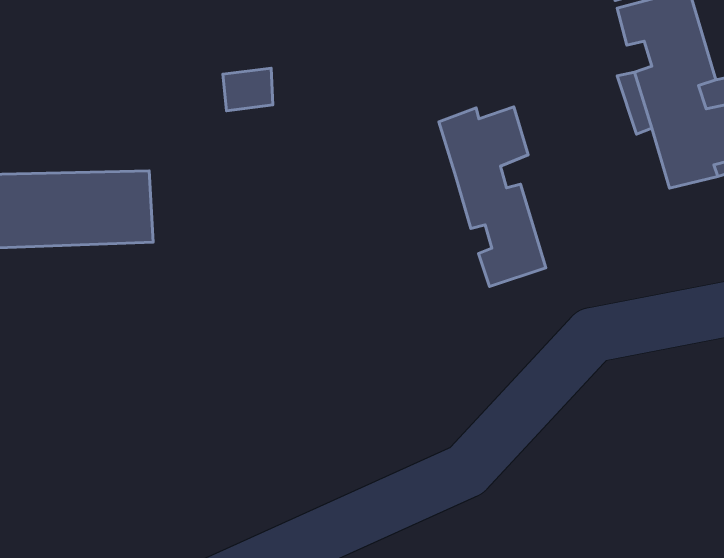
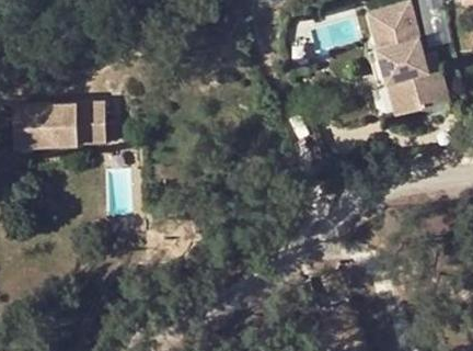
building: [439,107,546,287] -> none

